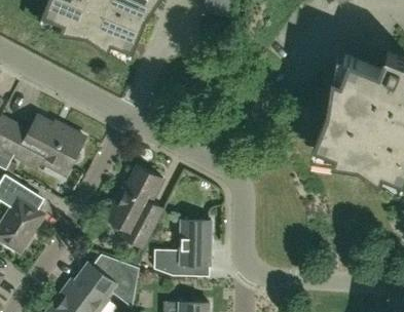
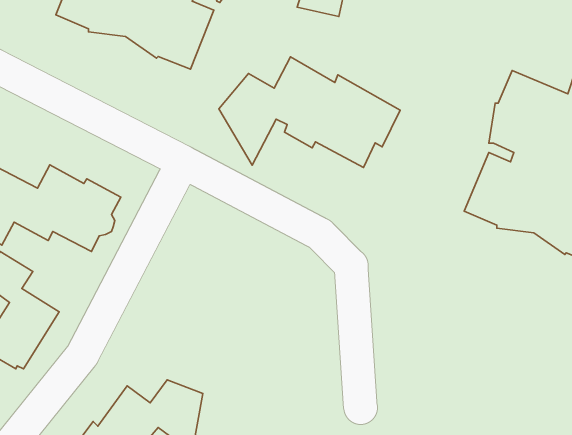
building: none -> [219,57,400,168]
building: [106,165,162,247] -> none
building: [153,220,210,276] -> none

